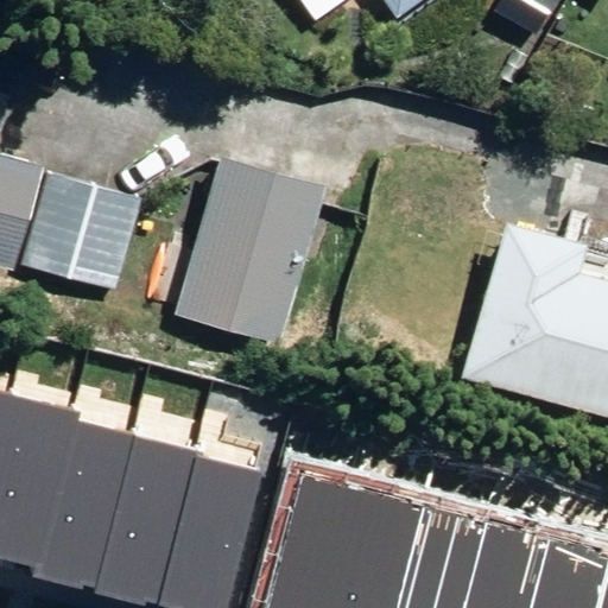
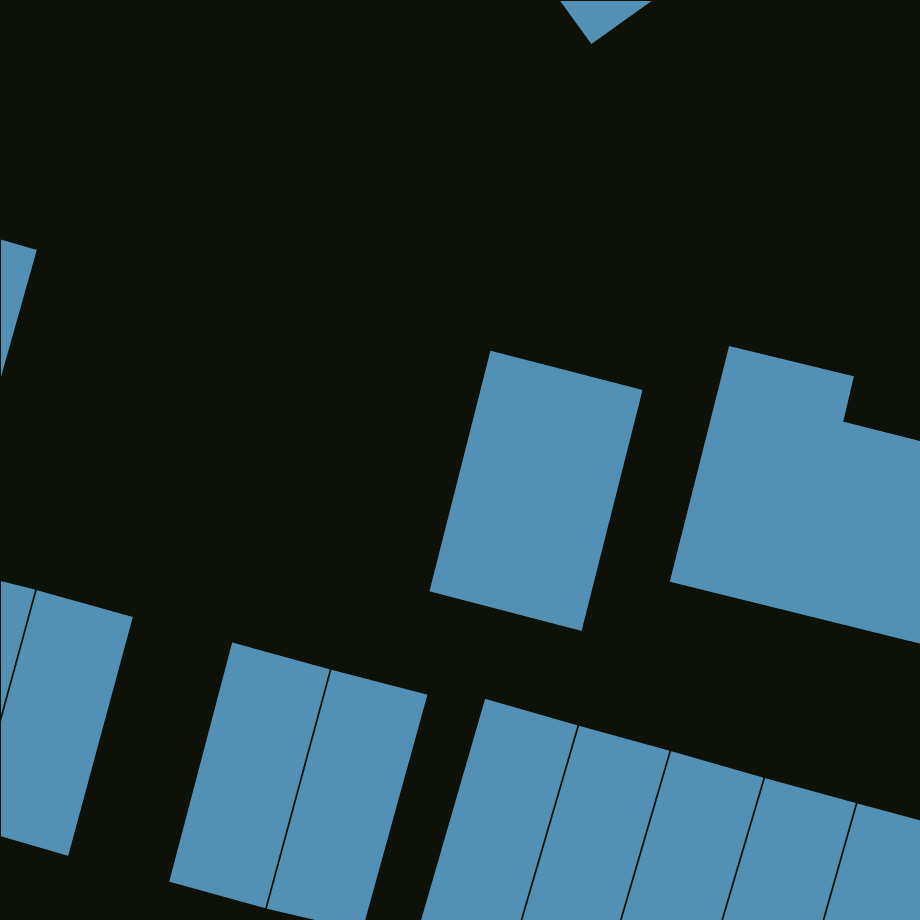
building: [173,163,315,348] -> [428,350,643,632]
building: [20,180,132,291] -> none
building: [48,407,154,582] -> none

